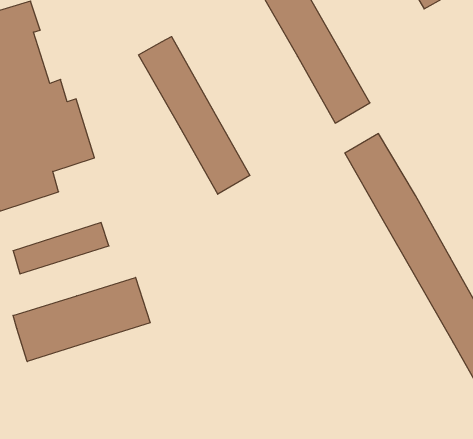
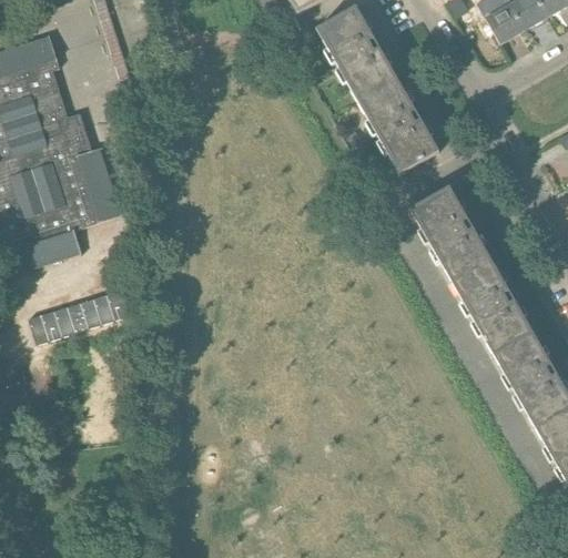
building: [139,37,250,194] -> none
building: [13,277,150,362] -> none

